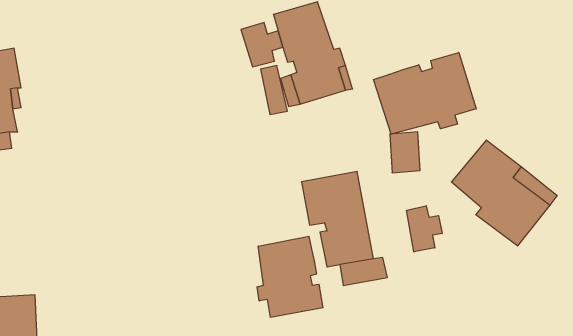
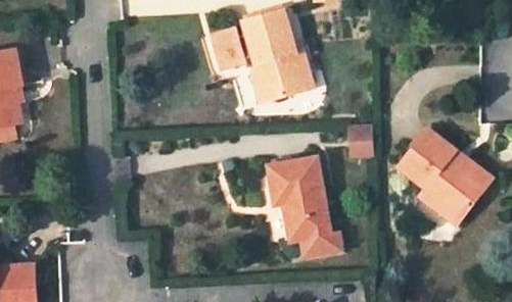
building: [374,52,476,134] -> none
building: [407,206,442,252] -> none
building: [257,236,323,317] -> none

